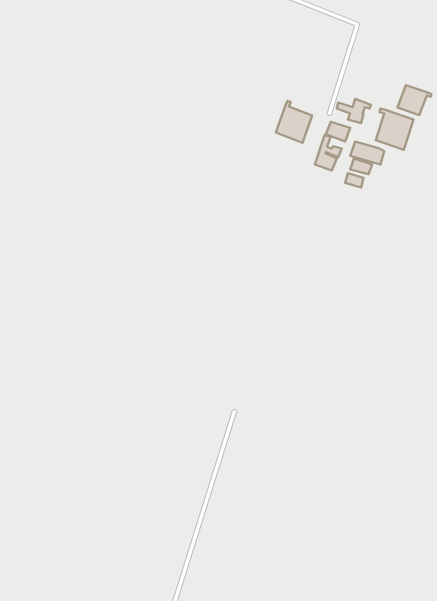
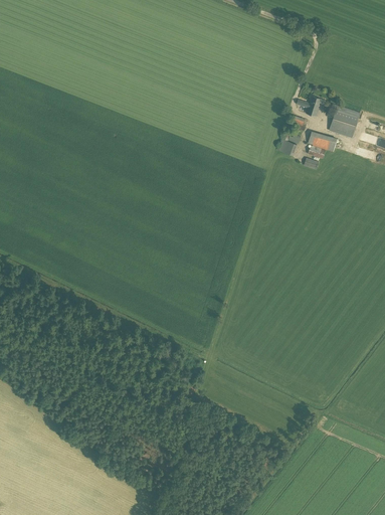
building: [397,85,431,115] -> none
building: [276,101,312,143] -> none

